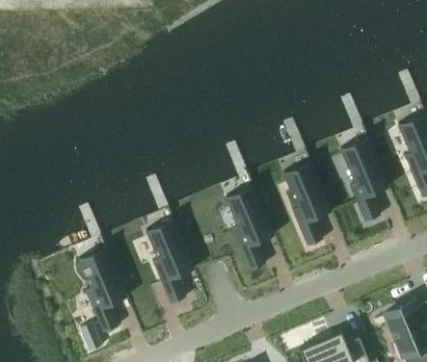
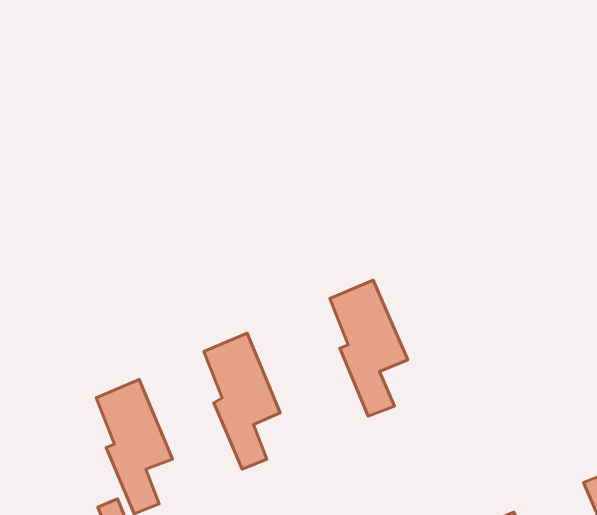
building: [340,138,389,223] -> none
building: [283,162,331,248] -> none

